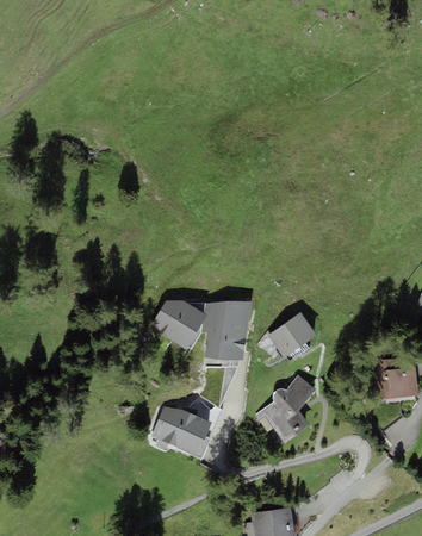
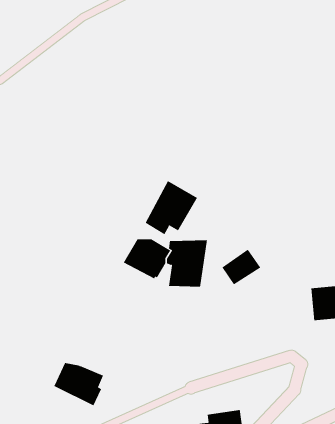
building: none -> [145,180,198,235]
building: [255,375,315,443] -> none
building: [151,407,212,460] -> [53,363,104,406]

